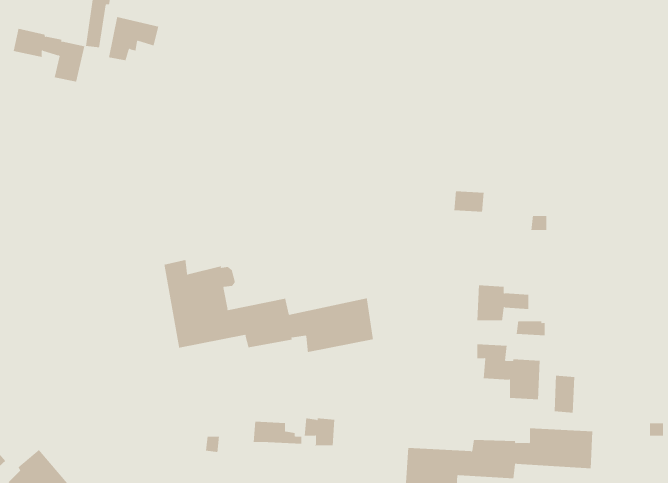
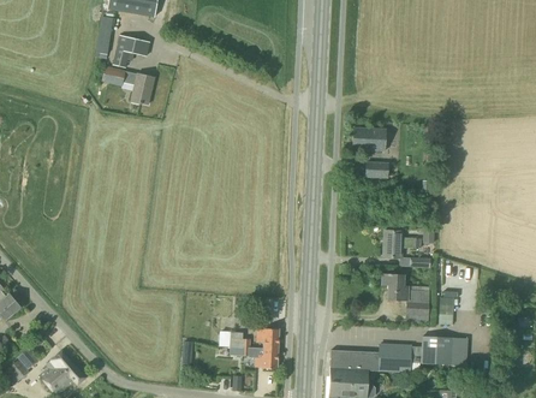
building: [13,28,85,82] -> [101,65,154,105]
building: none -> [352,129,386,150]
building: [164,259,374,353] -> none
building: none -> [230,346,278,369]

